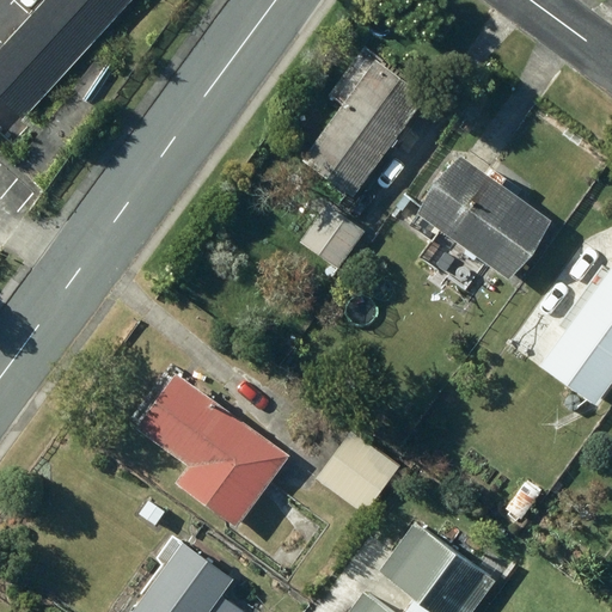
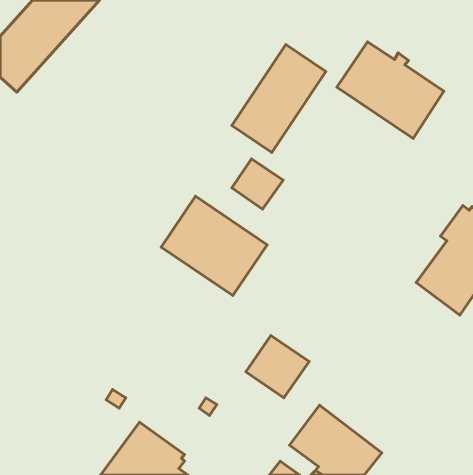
building: [412,154,550,279] -> [337,42,444,138]
building: none -> [161,196,267,296]
building: [135,375,288,530] -> none

